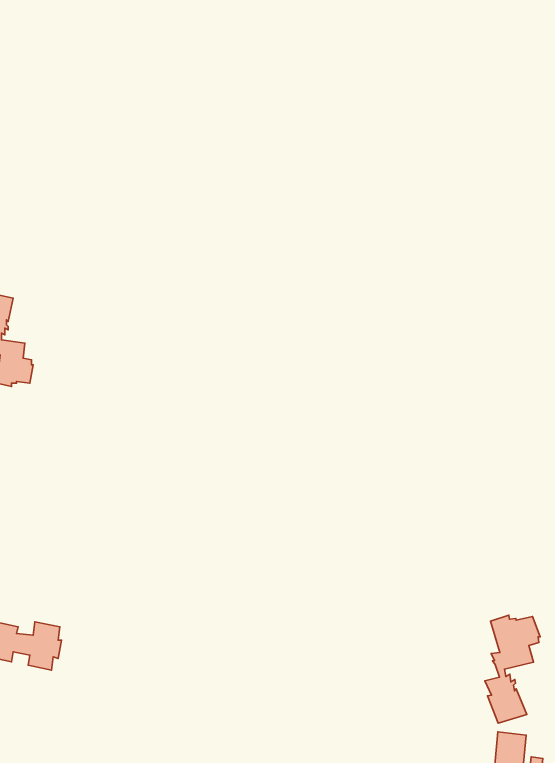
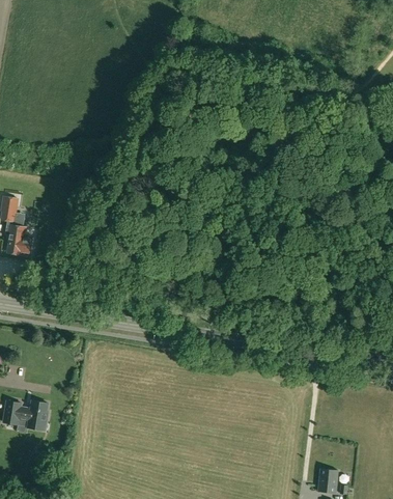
building: [485,615,540,723] -> none

